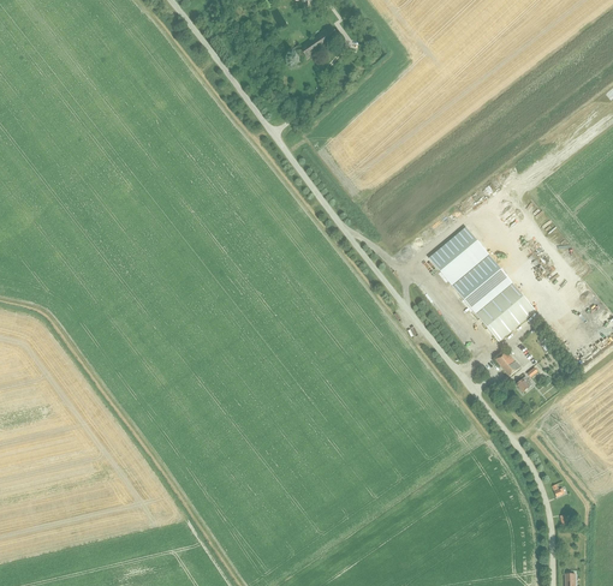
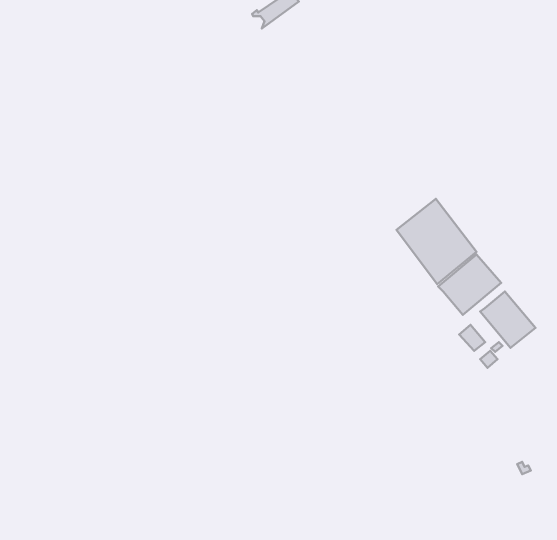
building: none -> [480,292,535,348]

